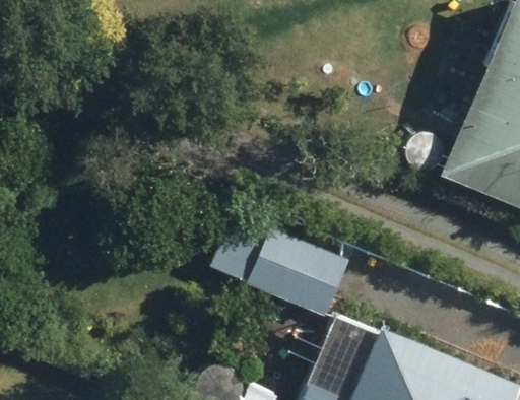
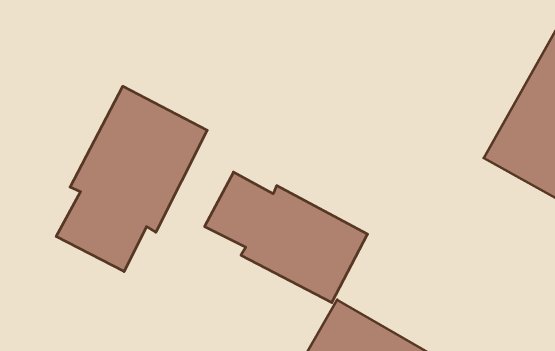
building: none -> [56,86,207,272]

